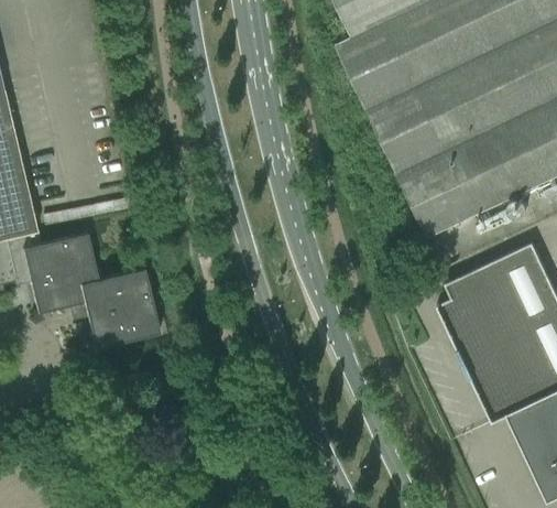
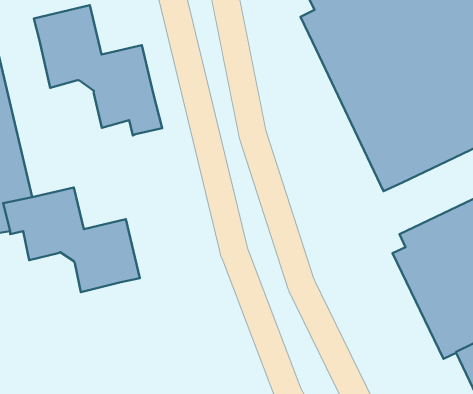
building: none -> [34,5,162,136]

